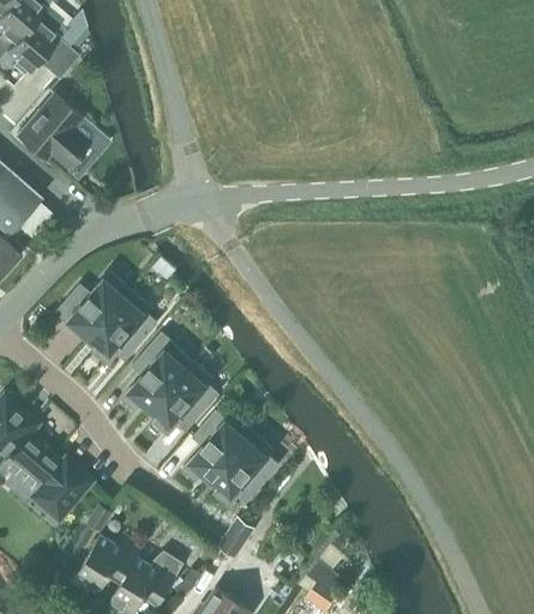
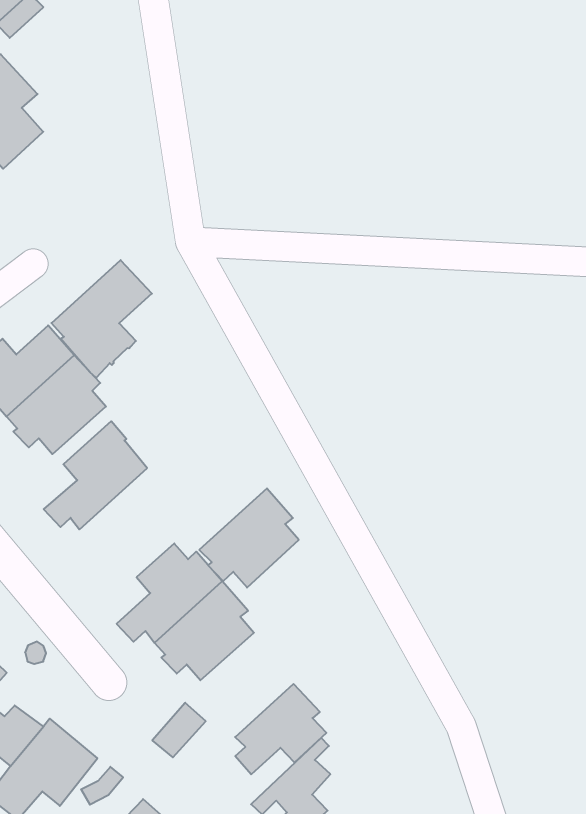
building: none -> [51,260,152,378]
building: [149,363,216,433] -> [199,488,299,588]
building: none -> [235,684,326,774]

